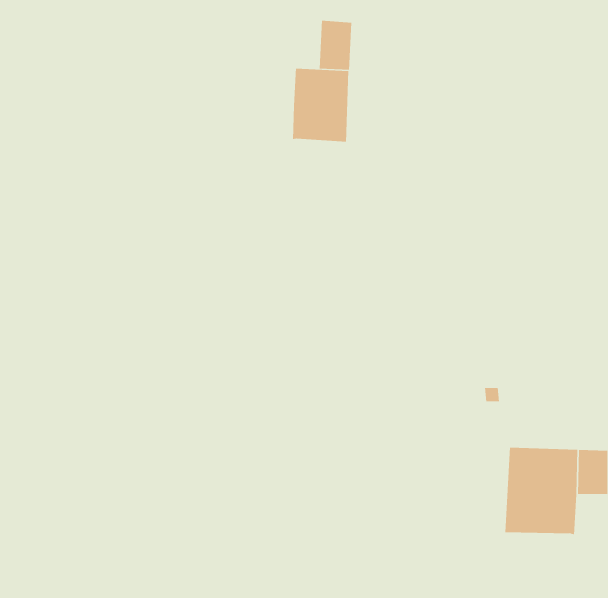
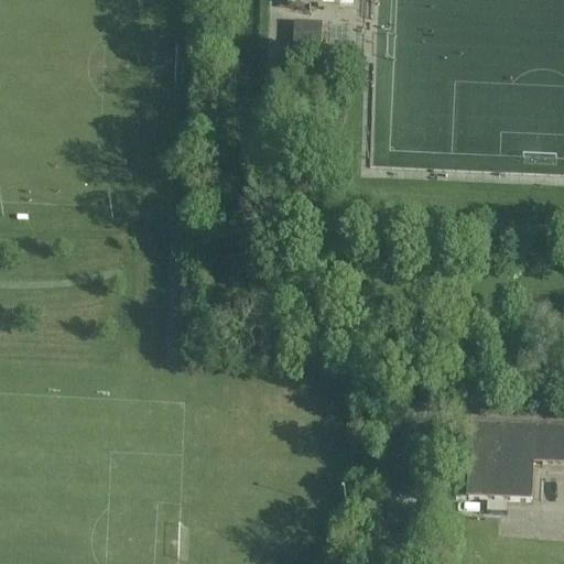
building: [293,68,349,142] -> none

